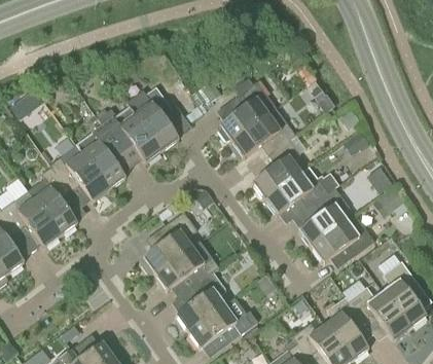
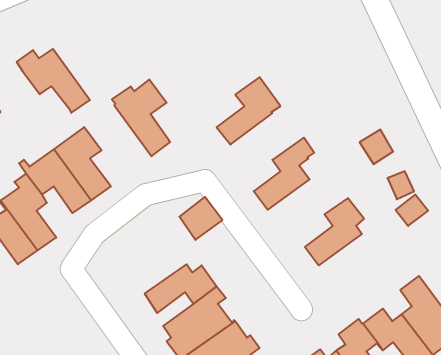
building: [97,106,161,162] -> [17,49,90,113]
building: [231,113,296,158] -> none
building: [264,172,335,215] -> none
building: [141,211,197,272] -> none
building: [310,214,374,267] -> none

